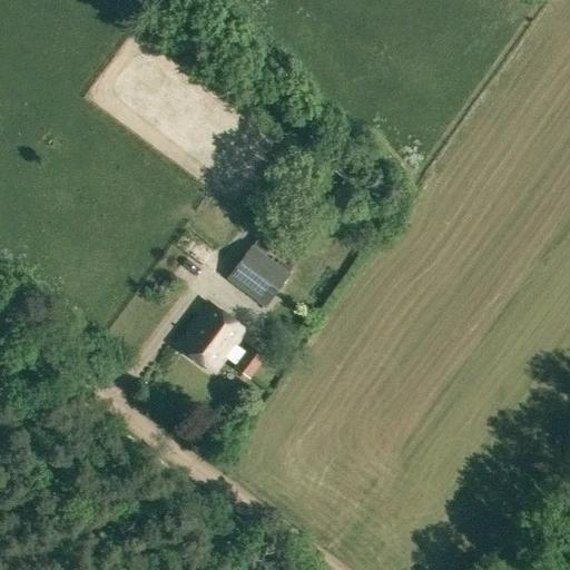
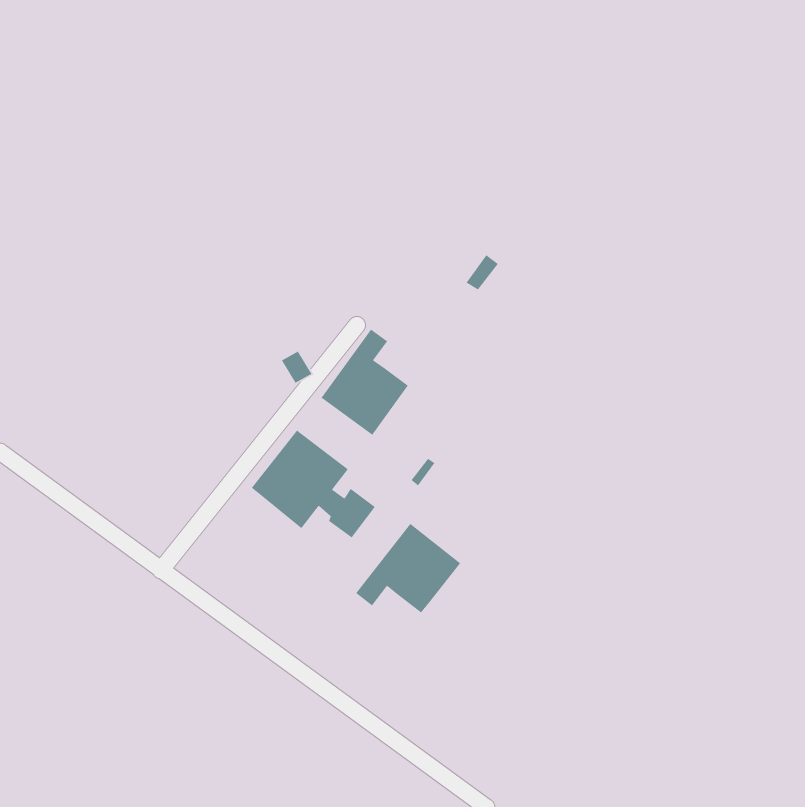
building: none -> [355,523,461,614]

